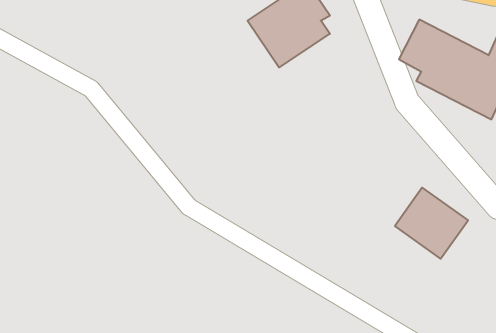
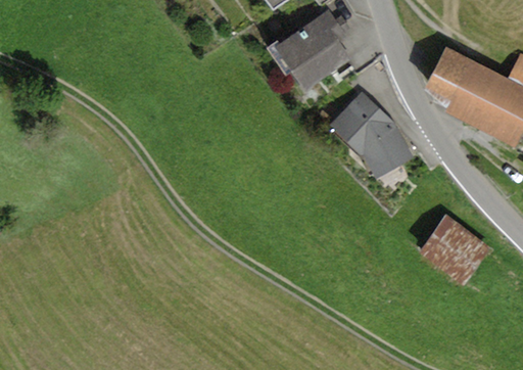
building: none -> [328,88,415,179]

